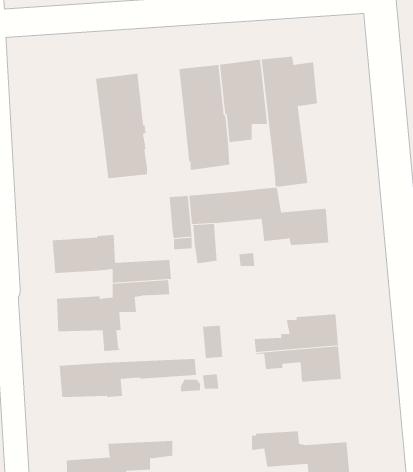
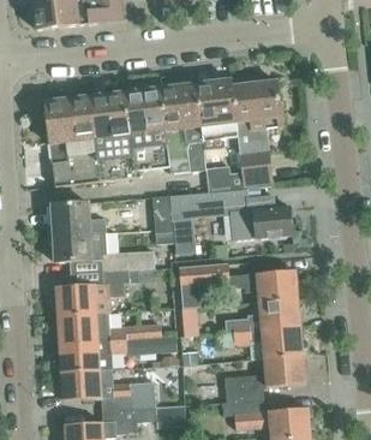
building: none -> [126,87,169,172]
building: none -> [44,95,100,186]
building: none -> [205,167,244,192]
building: none -> [50,203,106,234]
building: none -> [179,262,297,301]
building: none -> [56,313,175,343]
building: none -> [226,355,304,402]
building: none -> [60,369,156,410]

